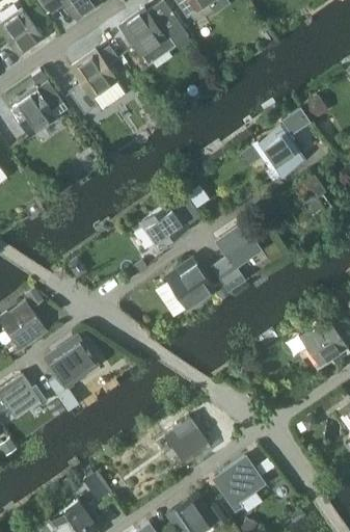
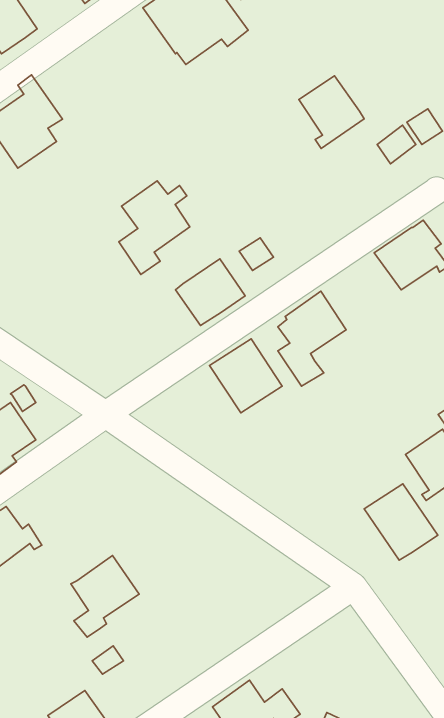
building: [68,49,117,114] -> [119,181,190,274]
building: [254,127,300,178] -> [299,76,364,148]
building: [47,337,95,394] -> [71,556,139,637]
building: none -> [364,484,438,560]
building: [163,418,207,468] -> none
building: [219,458,263,509] -> none

